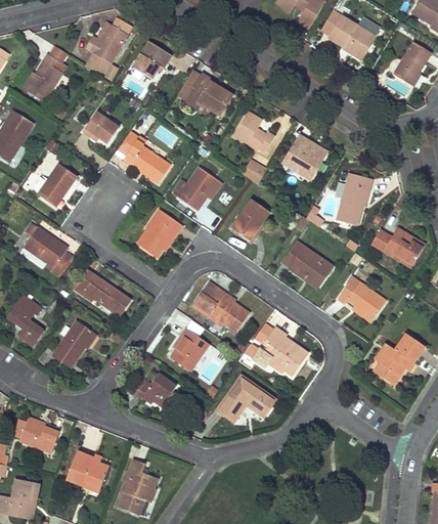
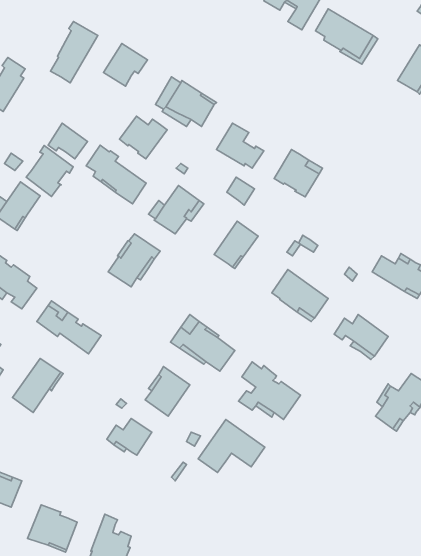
building: none -> [120,116,167,159]
building: none -> [26,146,73,197]
building: [337,173,373,225] -> none

